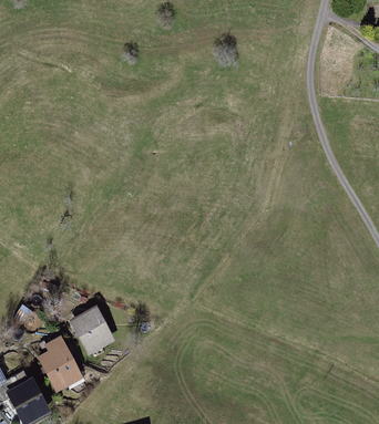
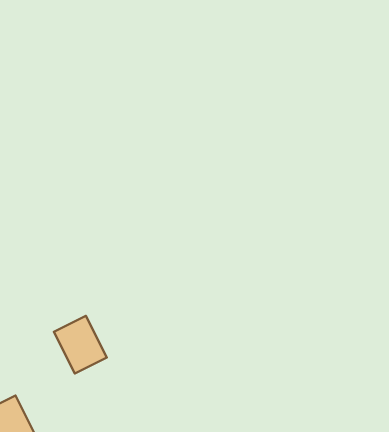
building: [38,341,84,392] -> none

